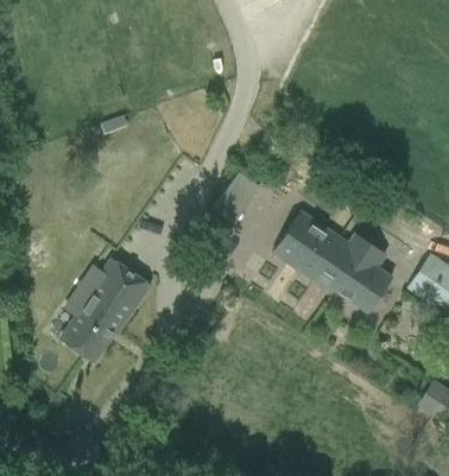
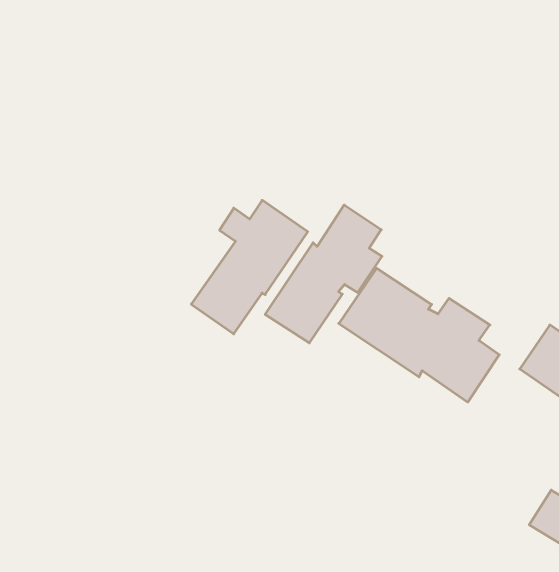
building: none -> [265,205,382,343]
building: [61,260,148,361] -> [191,200,308,334]

